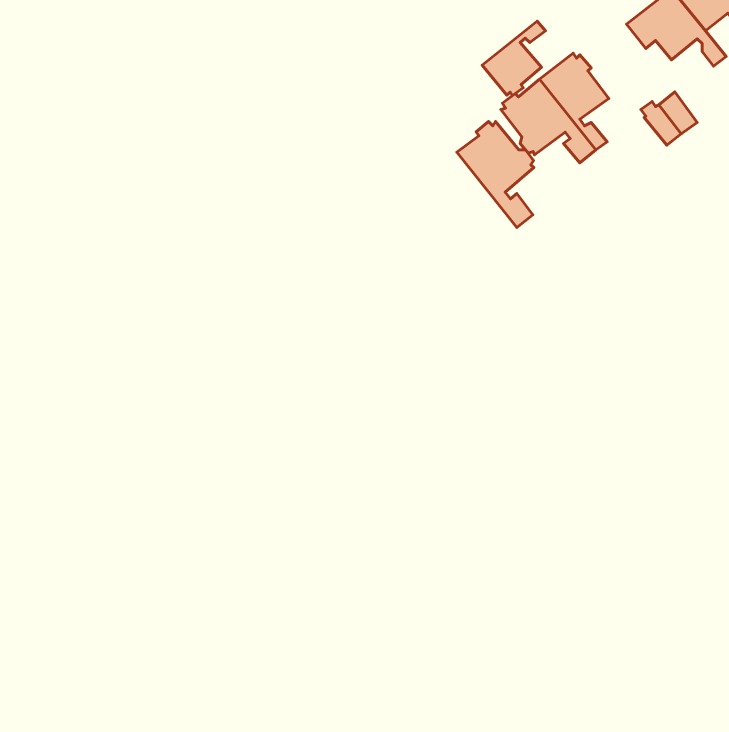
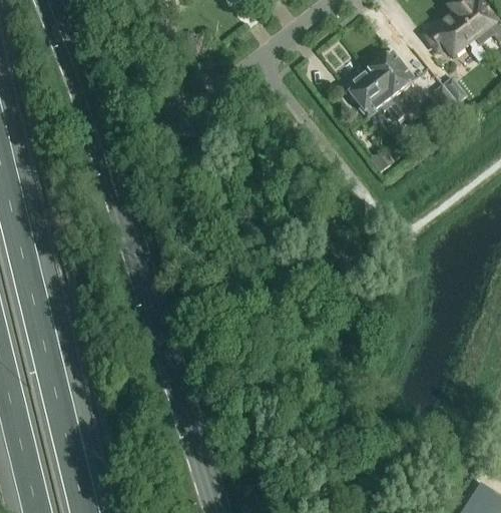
building: [482,21,546,96] -> none
building: [457,121,534,228] -> none

